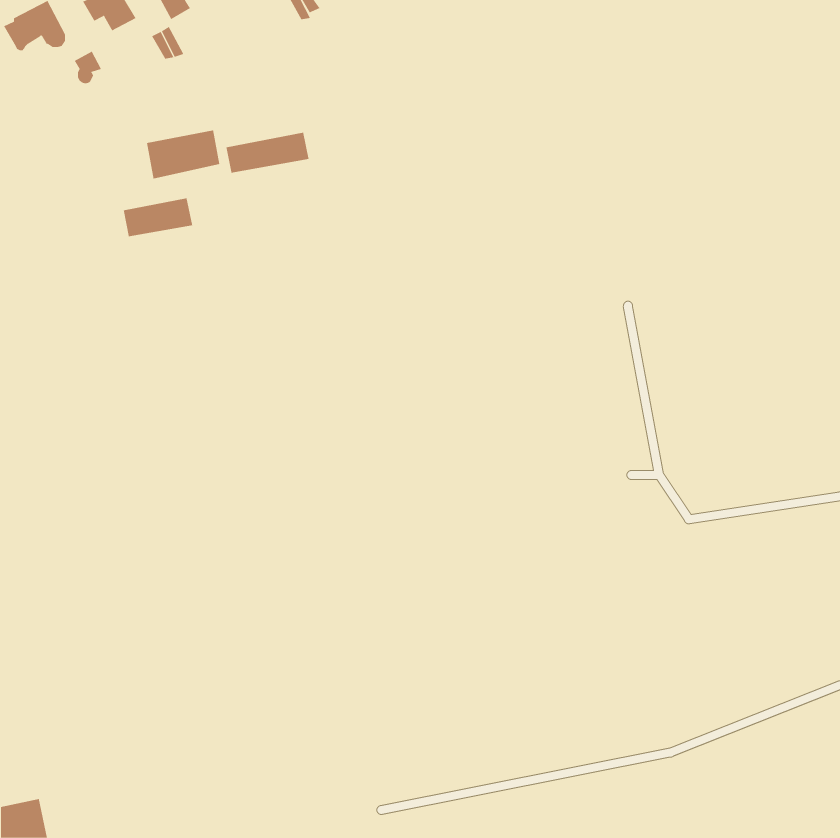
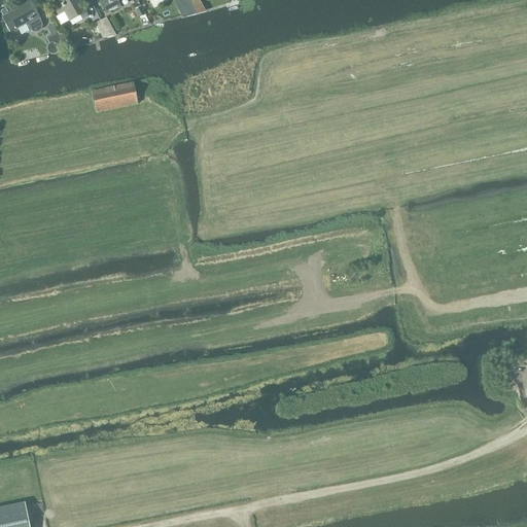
building: [226,132,309,173] -> none
building: [123,197,193,237] -> none

